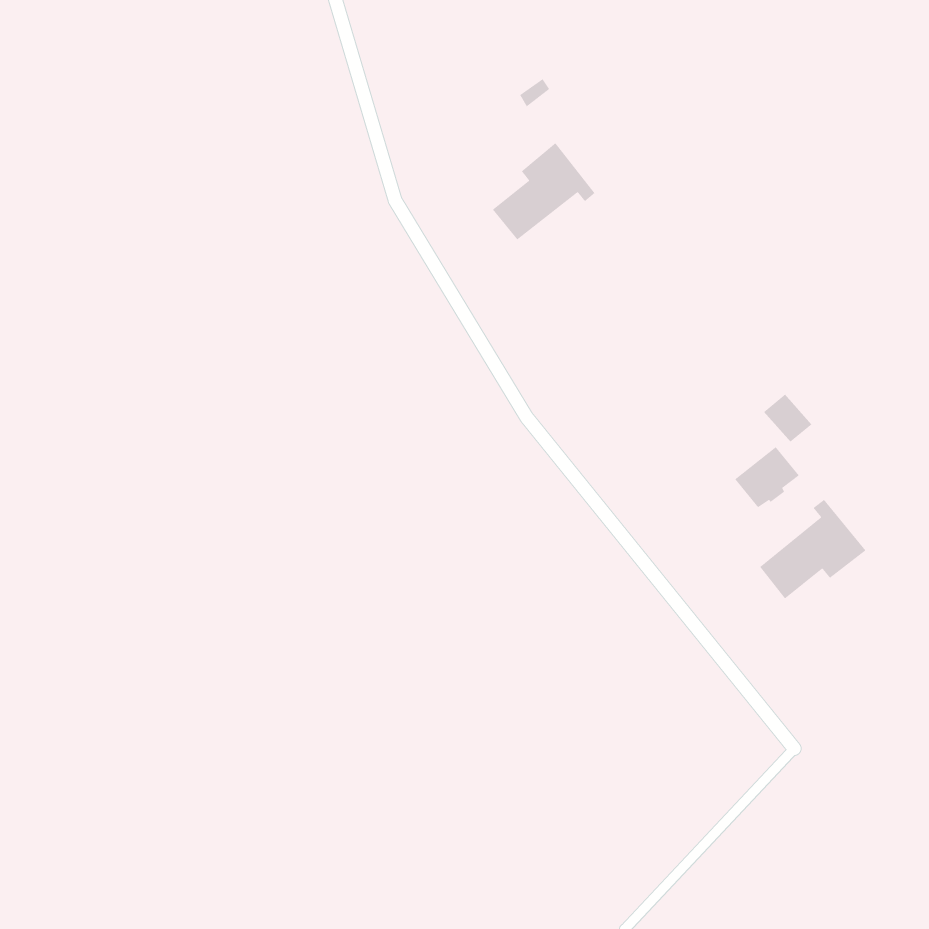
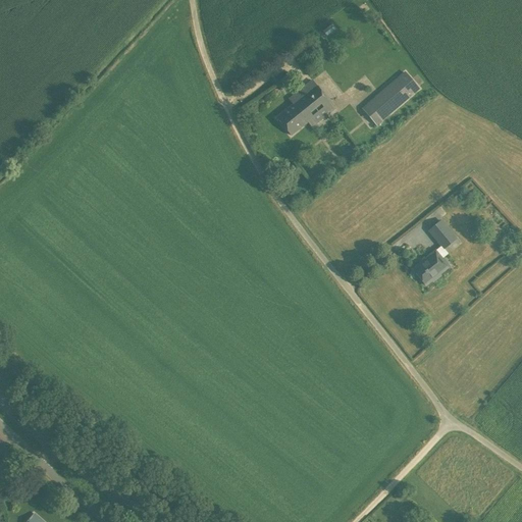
building: none -> [366,72,417,119]
building: [759,499,867,600] -> none

